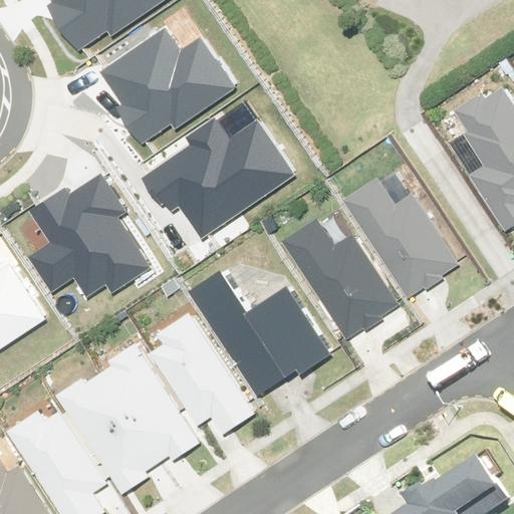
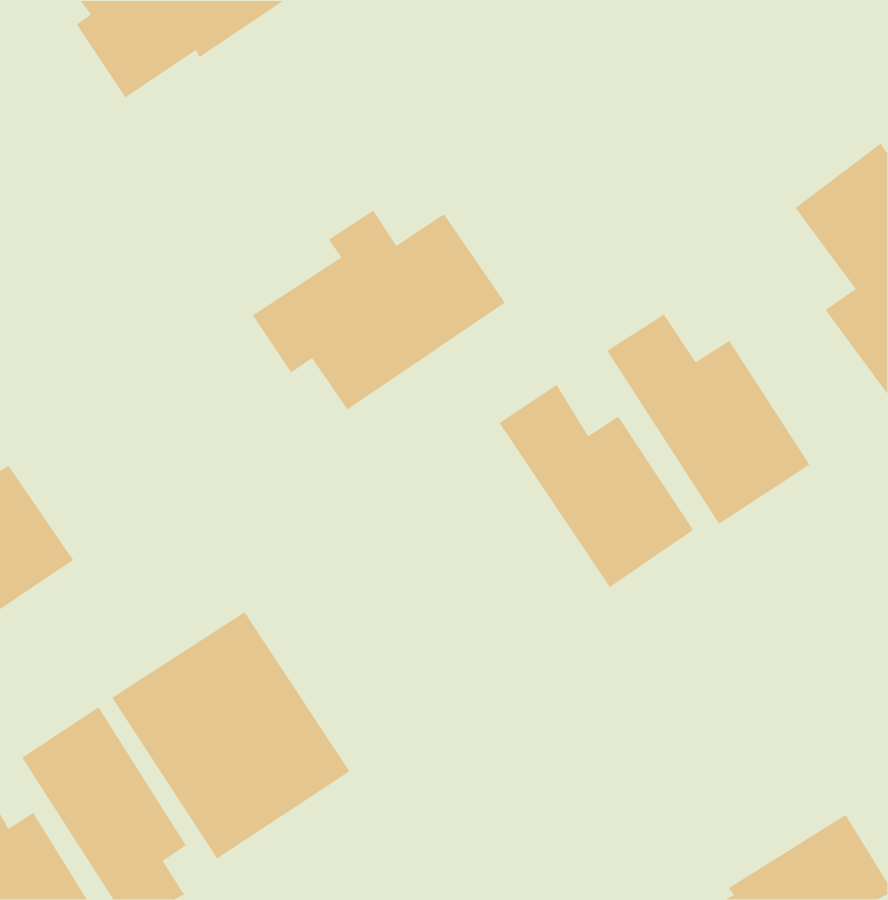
building: [98,26,231,142] -> none
building: [27,176,147,302] -> none
building: [191,271,332,398] -> none
building: [154,313,257,432] -> none

